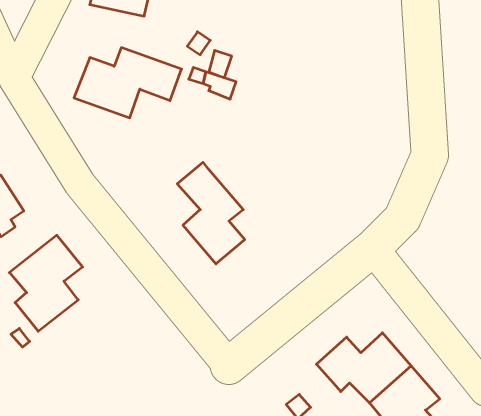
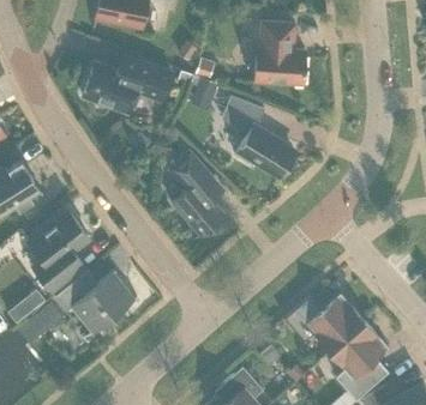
building: none -> [256,22,306,85]
building: none -> [222,97,294,176]
building: none -> [55,271,138,333]

